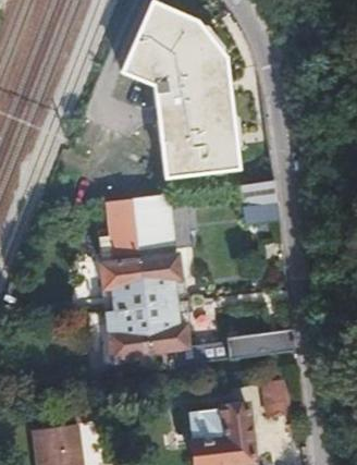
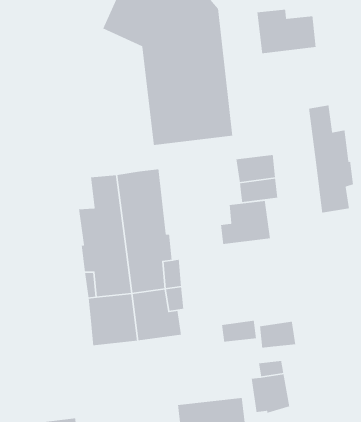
building: none -> [257,9,317,54]
building: none -> [308,105,354,213]
building: none -> [220,200,271,245]

